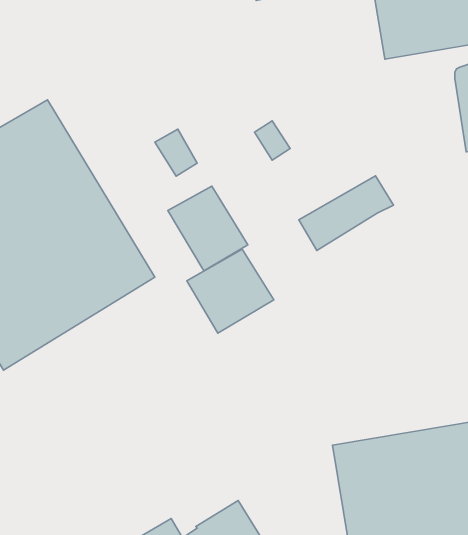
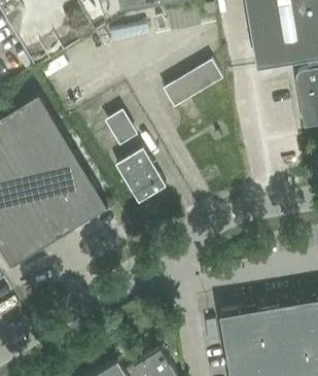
building: [299,176,393,251] -> [163,63,222,110]
building: [187,249,274,333] -> none

